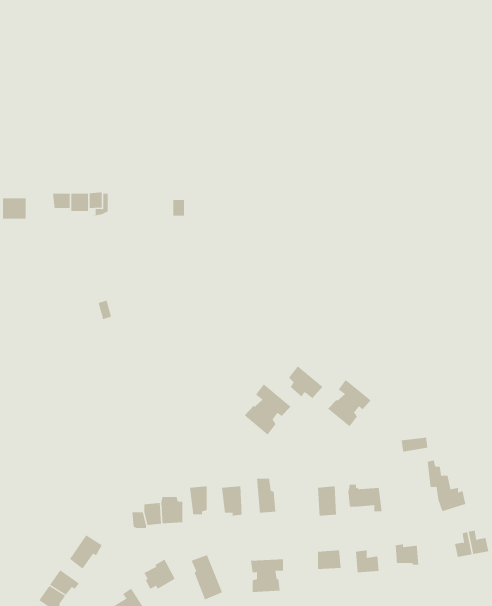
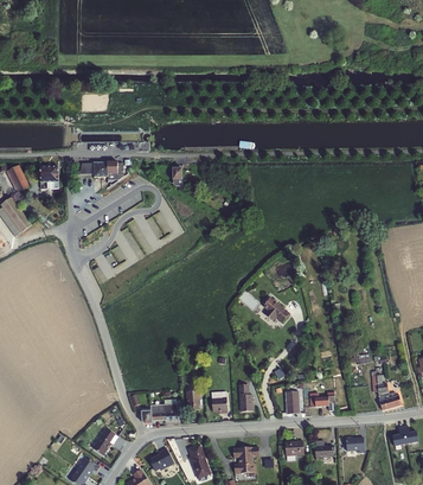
building: [327,379,372,427] -> none
building: [244,384,291,435] -> none

